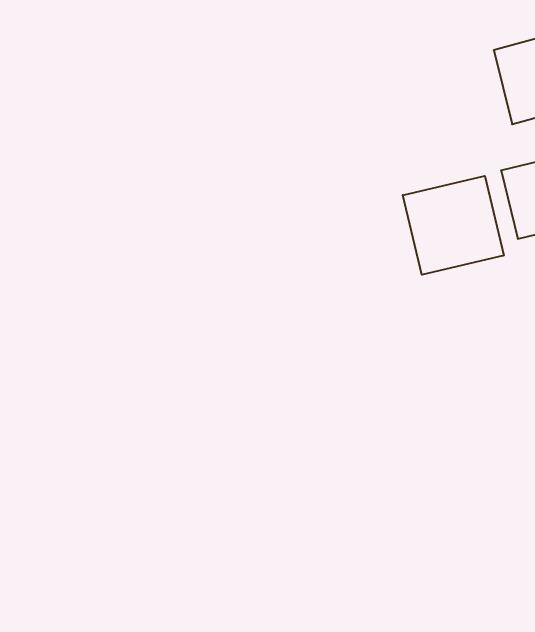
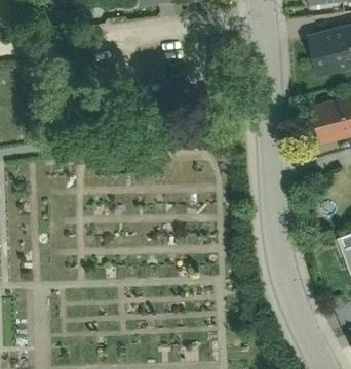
building: [403,176,504,275] -> none

